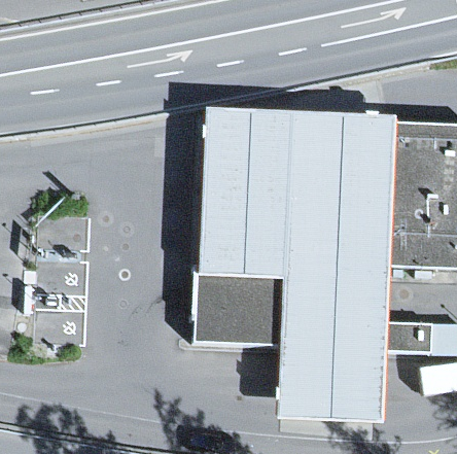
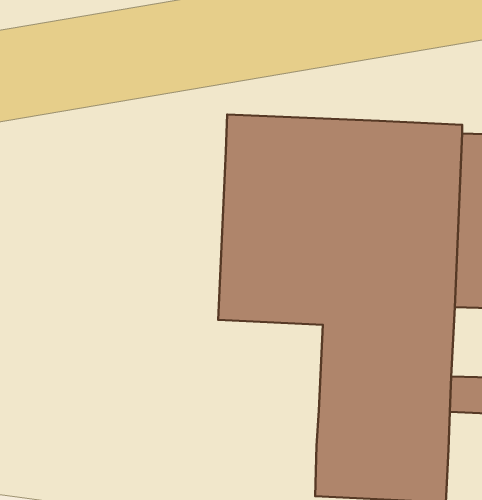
building: [195,274,283,348] -> none

